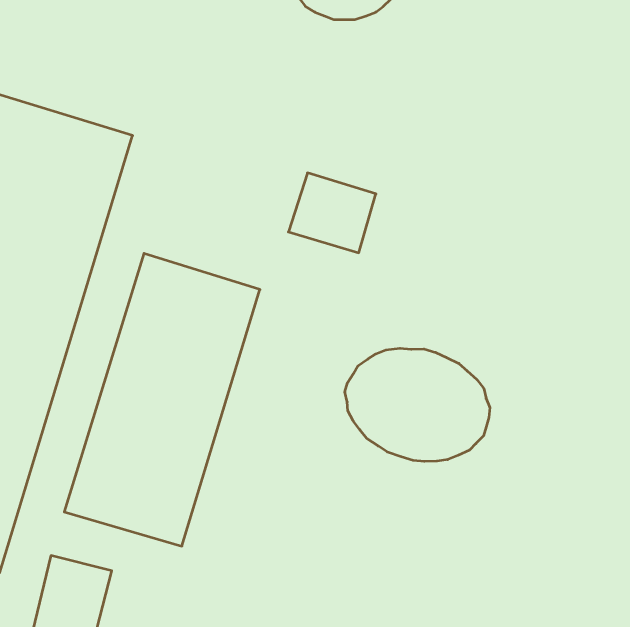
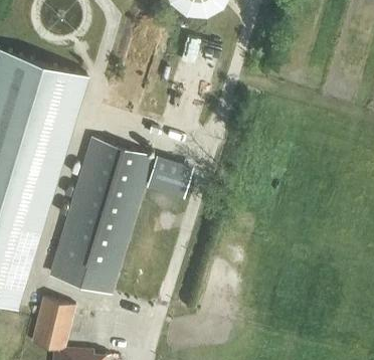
building: [288,173,376,253] -> [146,158,192,200]
building: [345,348,490,461] -> none

